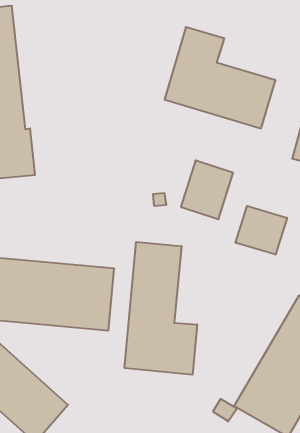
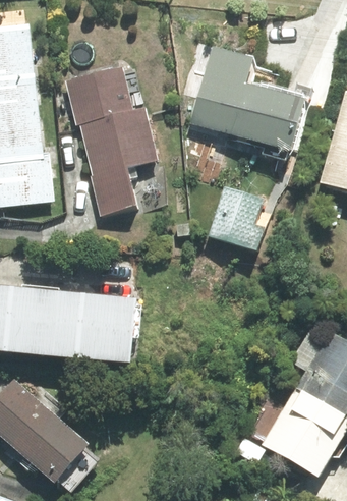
building: none -> [65,64,159,214]
building: [236,206,287,255] -> none
building: [125,242,197,375] -> none

